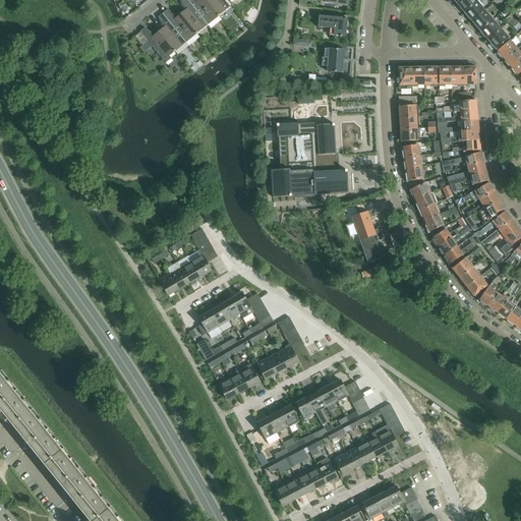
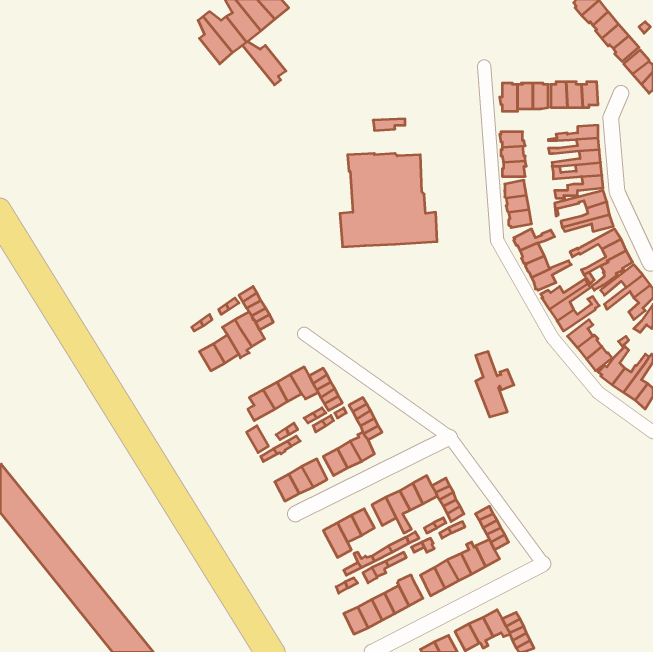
building: [317,15,347,37] -> none
building: [140,27,175,62] -> [242,42,286,85]
building: [325,48,344,72] -> none
building: [357,211,388,263] -> [476,352,514,417]

